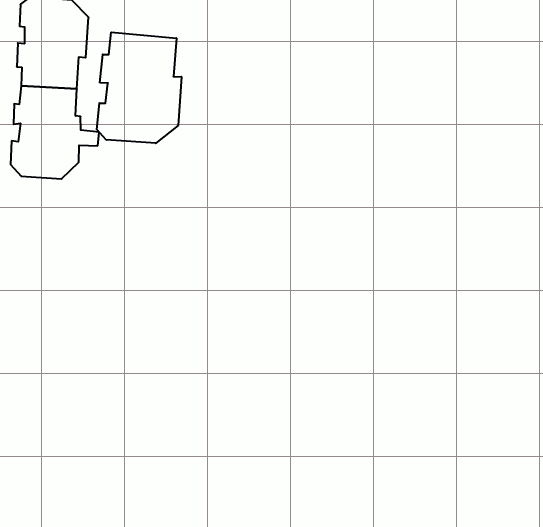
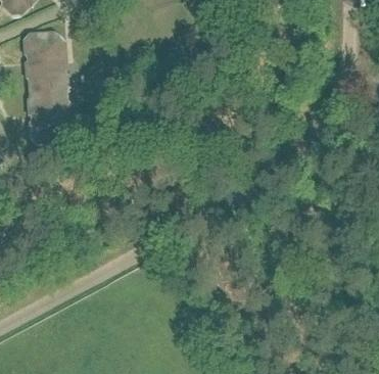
building: [97,32,181,143] -> none

